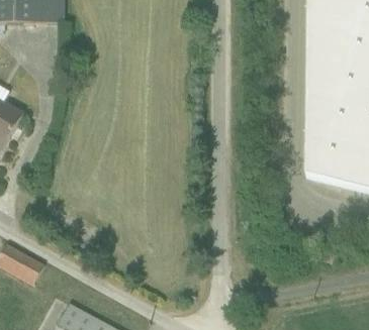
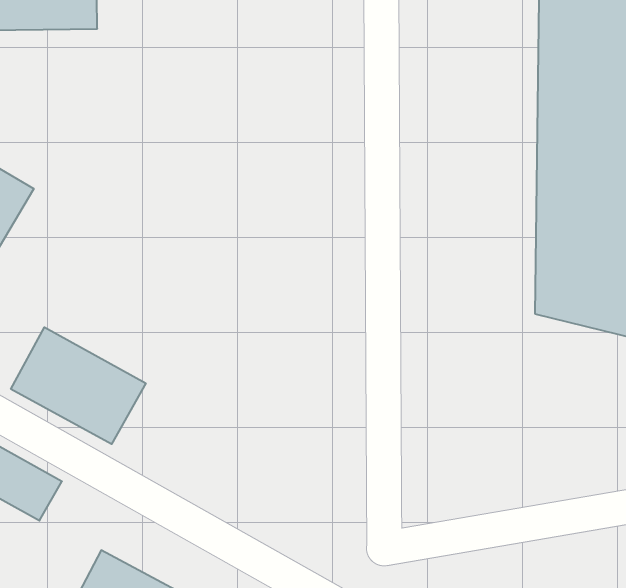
building: none -> [11,327,146,444]

